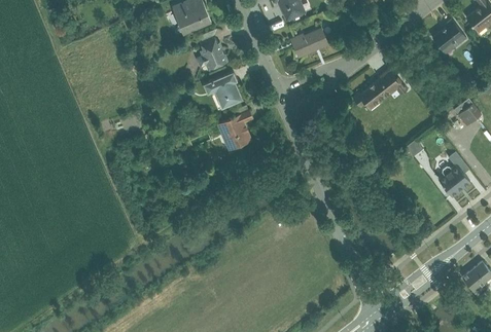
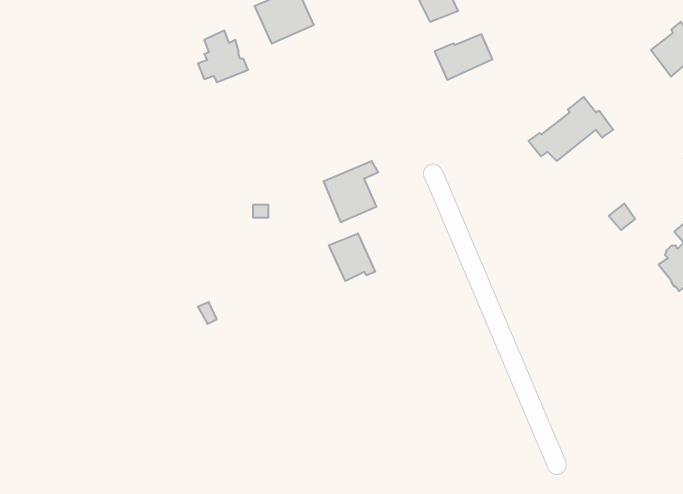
building: [196,36,229,70] -> [198,31,248,82]
building: [203,73,242,109] -> none
building: none -> [329,233,375,281]

